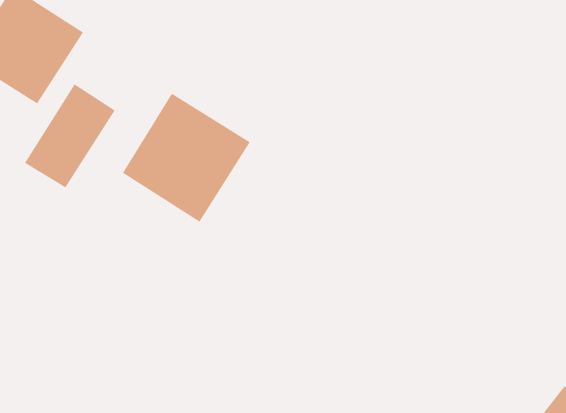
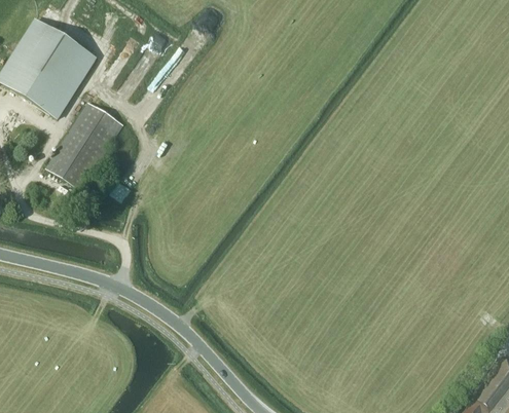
building: [122,93,251,223] -> none

